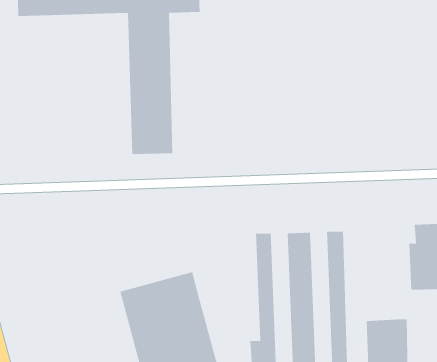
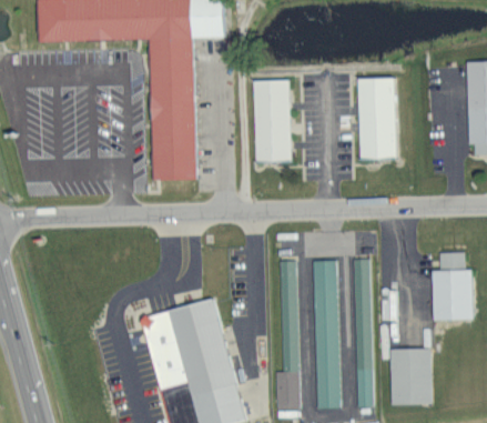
building: none -> [357,79,397,162]
building: none -> [251,81,292,164]

